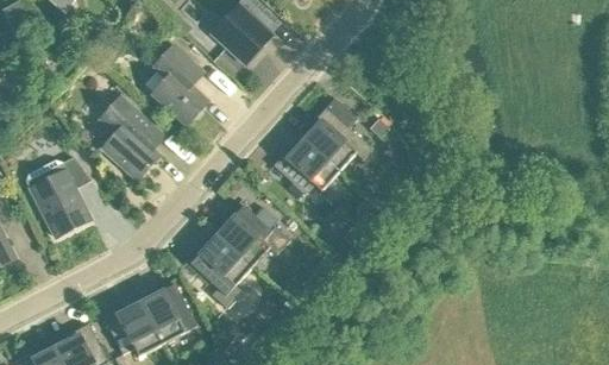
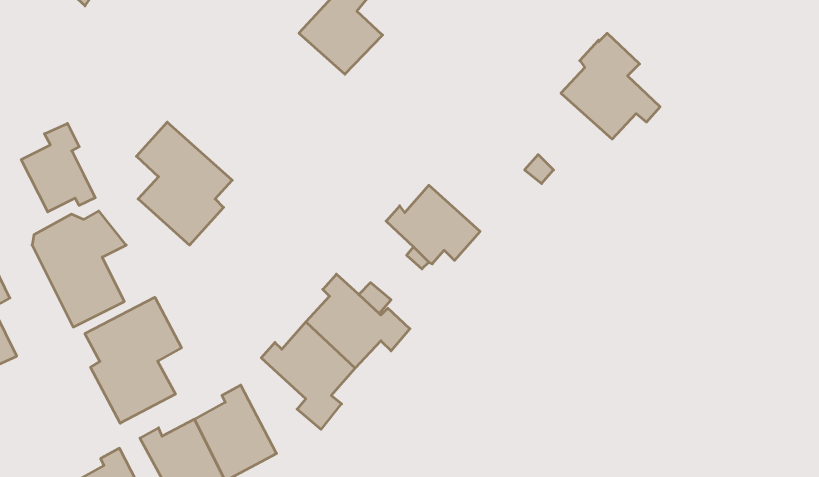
building: [151,44,207,124] -> none
building: none -> [21,123,95,212]
building: [302,96,371,170] -> [561,33,660,139]
building: none -> [85,297,181,423]

